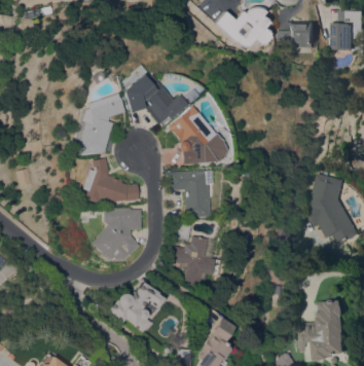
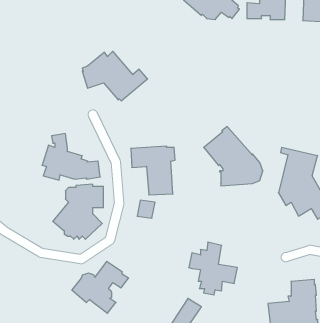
building: [66,93,117,153] -> none
building: [162,106,220,163] -> [204,127,263,186]
building: [170,235,217,287] -> [189,242,237,295]

